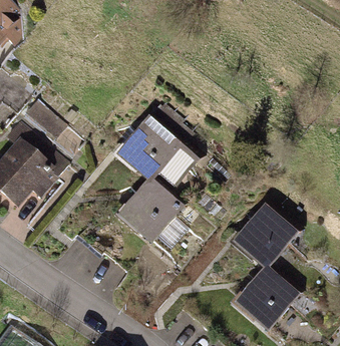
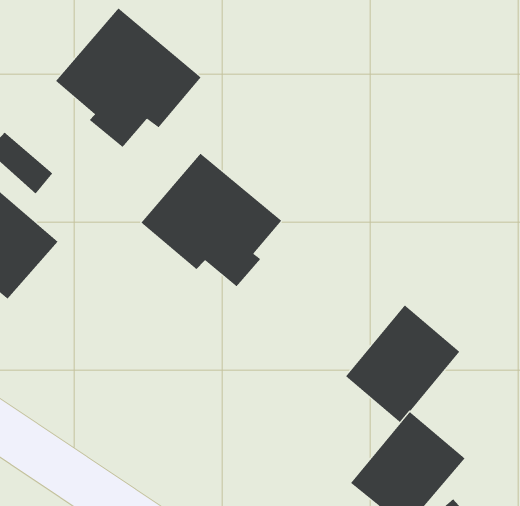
building: none -> [55,8,202,148]
building: [118,175,189,248] -> none

